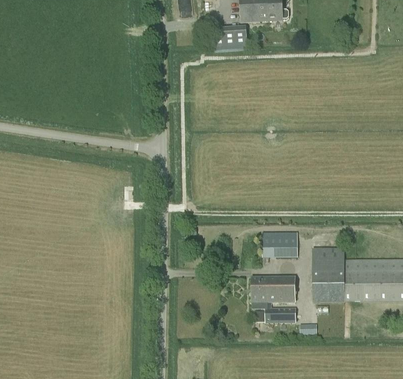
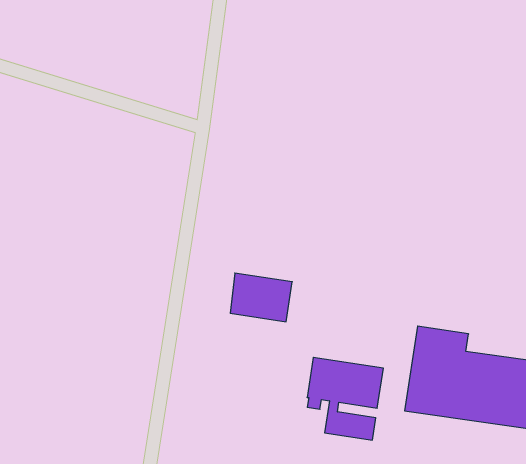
building: [261,232,297,257] -> [230,273,292,322]

